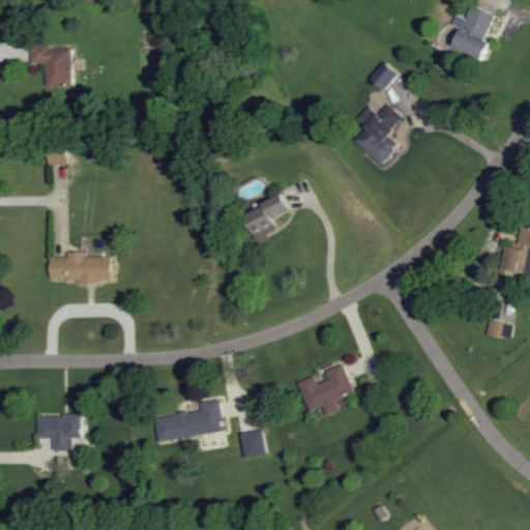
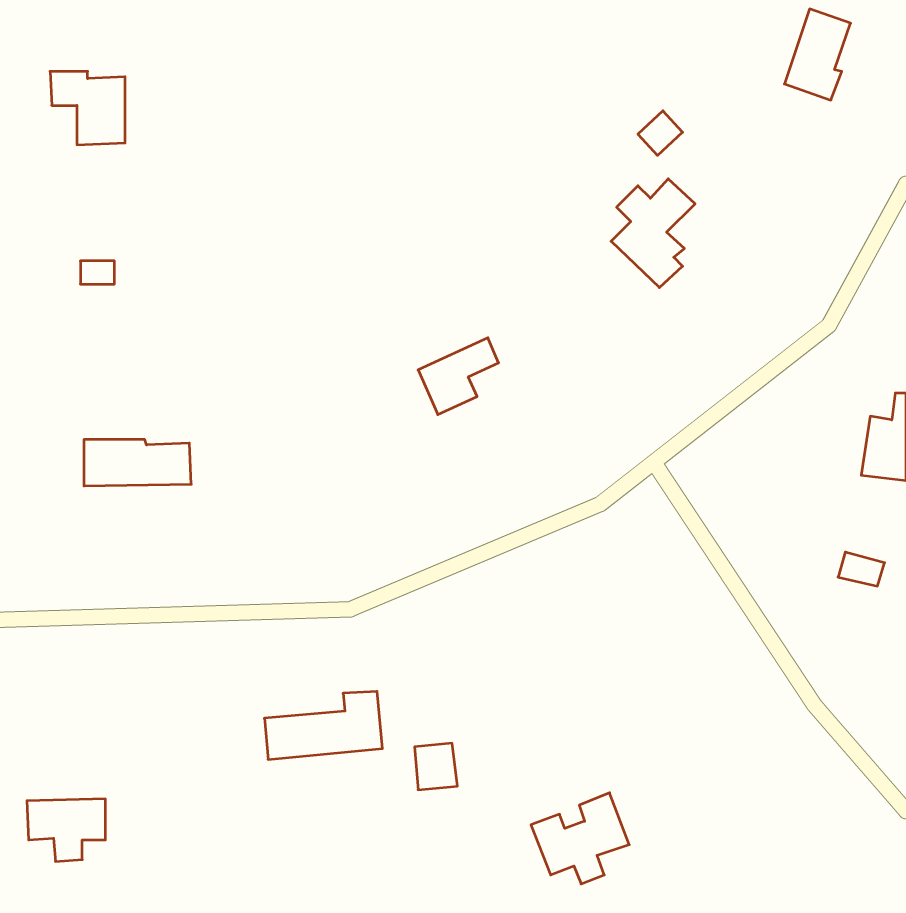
building: [296,363,353,416] -> [531,793,629,884]
building: [35,415,81,451] -> [27,799,105,861]

